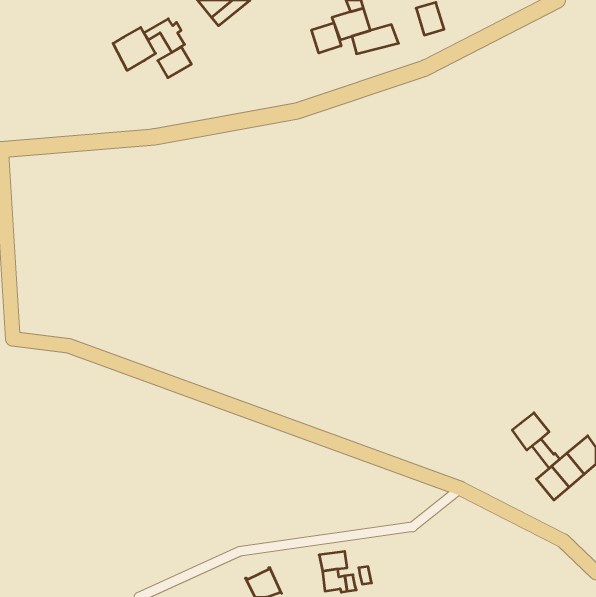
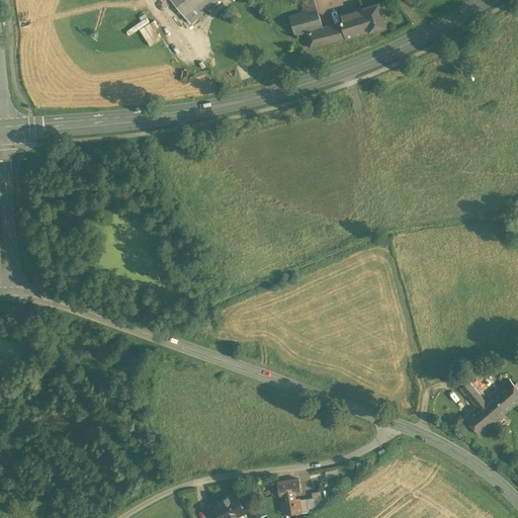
building: none -> [335,7,367,37]
building: [312,23,341,53] -> none
building: [113,27,156,70] -> none
building: [158,47,191,78] -> none
building: [512,413,549,450] -> none

